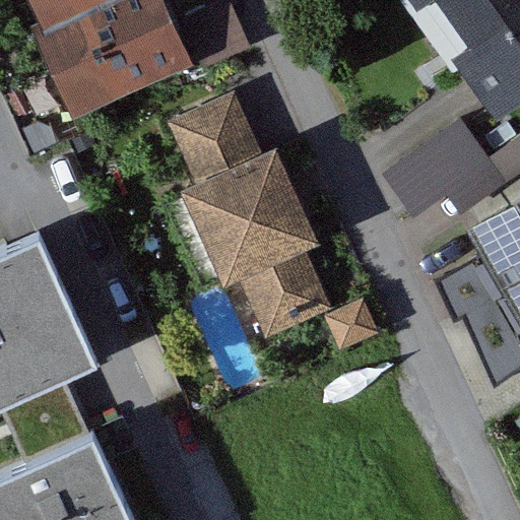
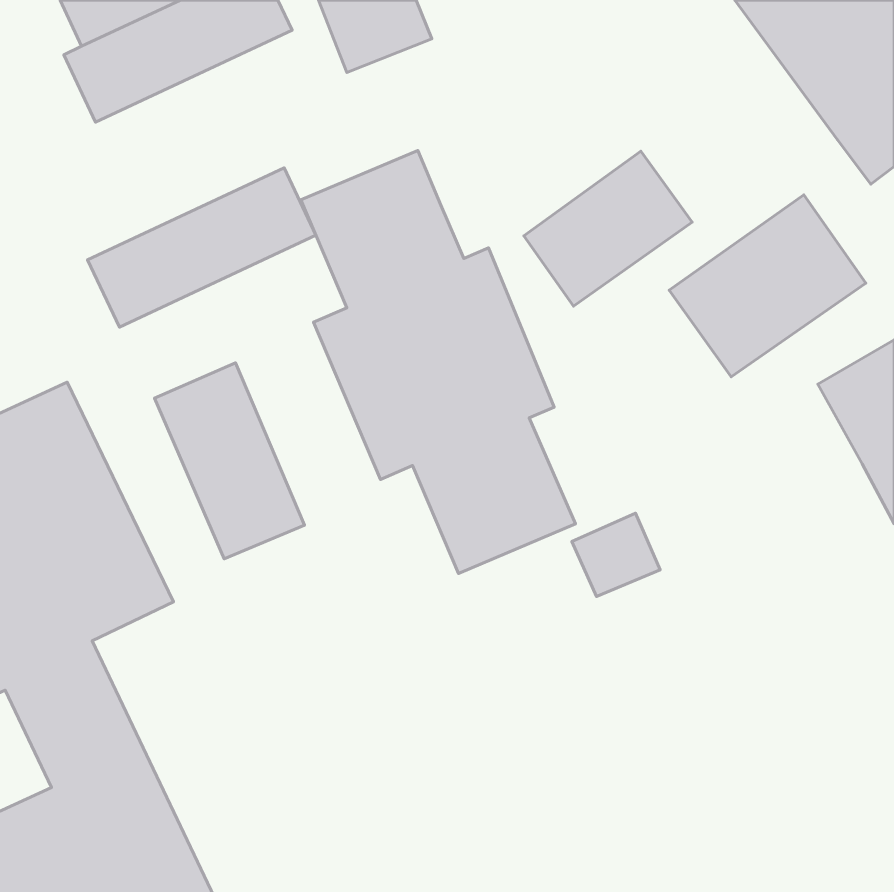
building: [55,24,186,116] -> [88,168,316,327]
building: none -> [524,151,692,306]
building: none -> [155,363,304,559]

